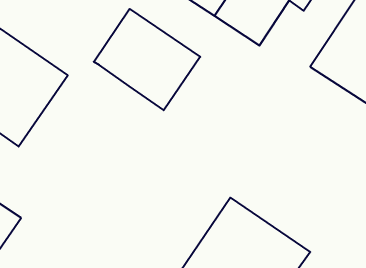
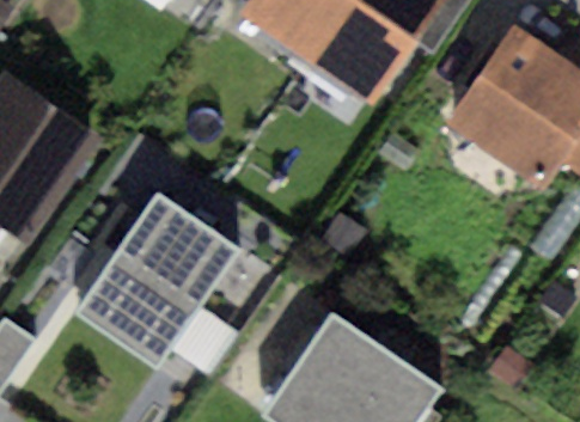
building: [94,9,200,110] -> none
building: none -> [74,192,238,369]

